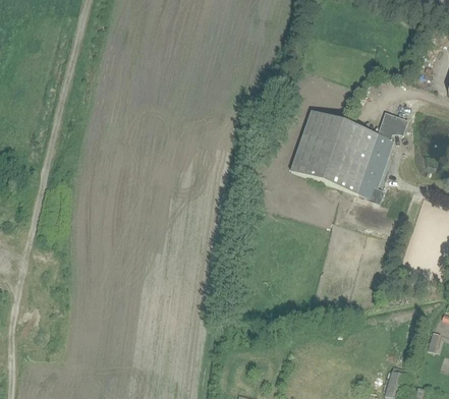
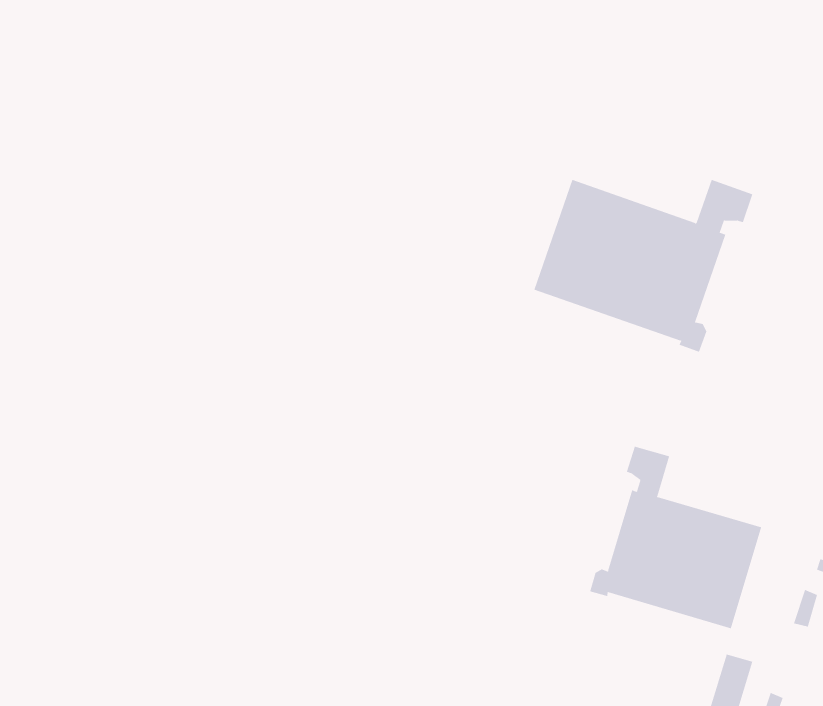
building: none -> [590,446,762,629]

